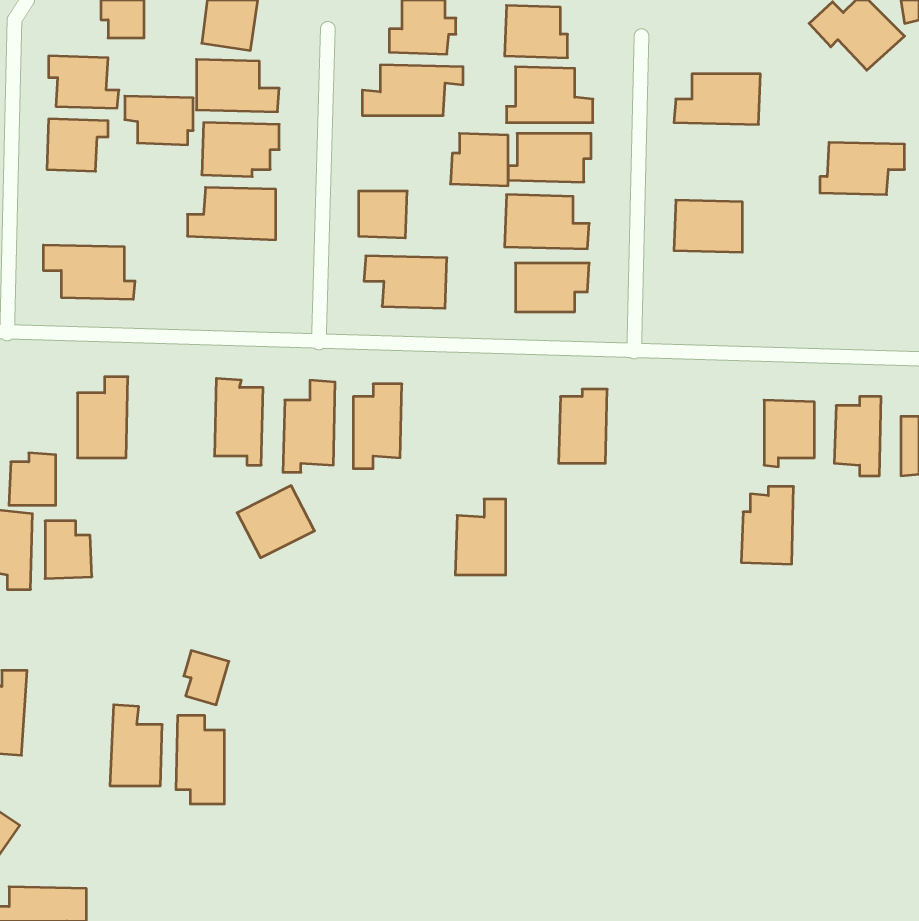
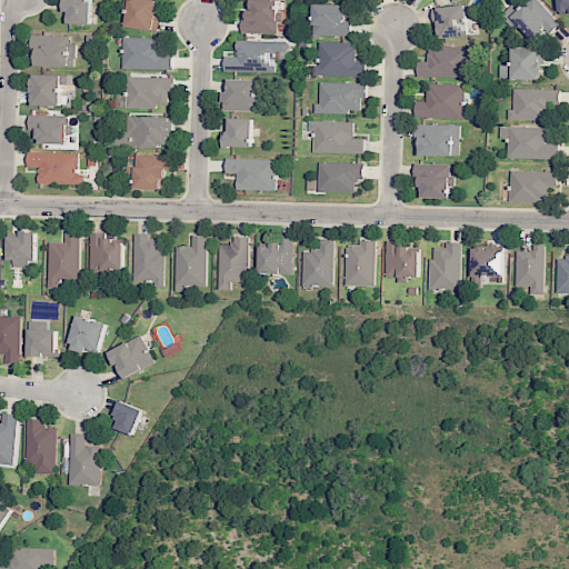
building: none -> [430,4,468,39]
building: none -> [497,48,539,79]
building: [125,96,193,145] -> [28,114,70,144]
building: [450,133,508,186] -> [221,79,257,111]
building: none -> [413,83,462,118]
building: none -> [497,127,556,158]
building: none -> [126,154,170,189]
building: none -> [412,162,453,198]
building: none -> [509,170,557,201]
building: none -> [89,232,122,270]
building: none -> [258,238,292,273]
building: none -> [385,240,419,280]
building: [9,453,56,505] -> [7,231,36,263]
building: [237,486,315,558] -> [107,335,154,379]
building: [741,487,794,564] -> [428,242,460,290]
building: [455,499,506,575] -> [301,239,332,286]
building: none -> [68,315,106,353]
building: [176,716,224,804] -> [24,419,54,473]

